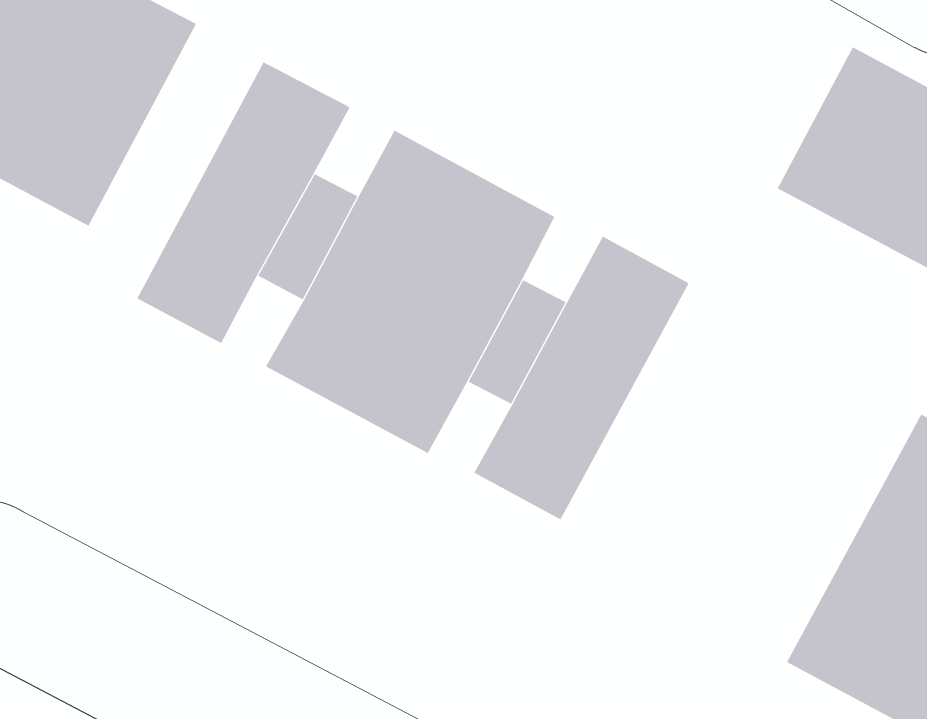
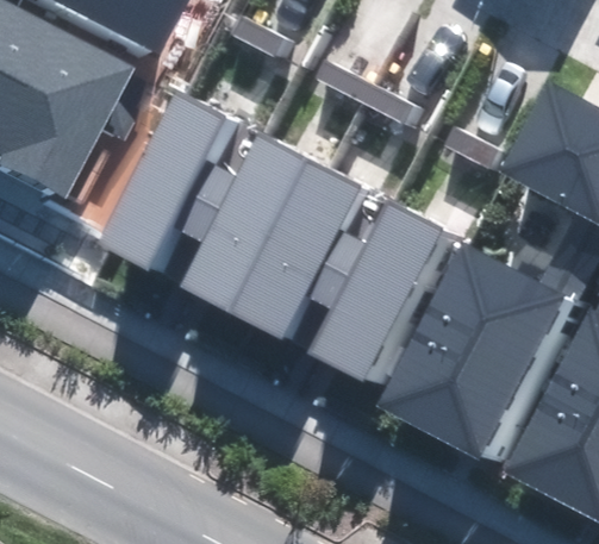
building: none -> [378,245,566,458]

